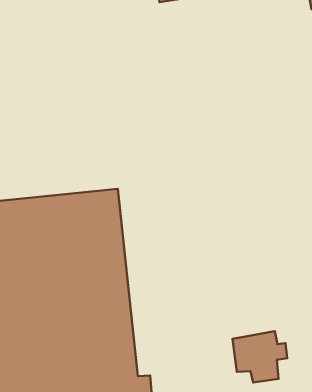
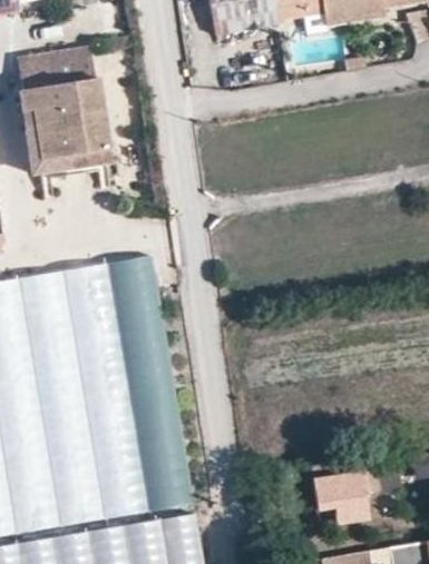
building: none -> [20,48,110,174]

